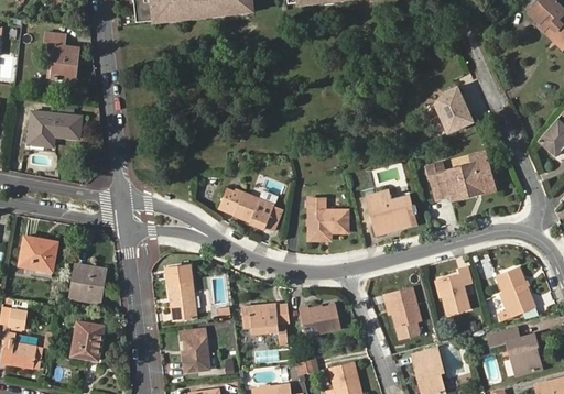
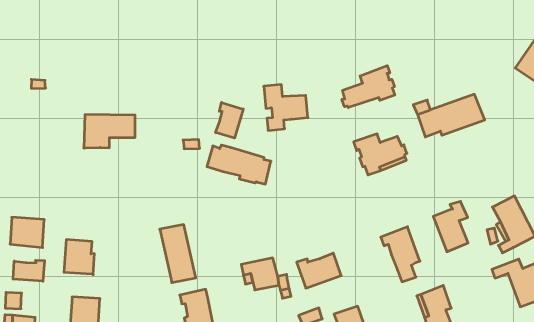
building: [43,34,76,81] -> none
building: [437,85,476,130] -> none
building: [25,112,79,147] -> [84,115,135,148]
building: none -> [342,66,395,108]
building: none -> [216,102,243,138]
building: [311,196,351,240] -> [264,85,308,130]
building: none -> [13,260,45,281]

